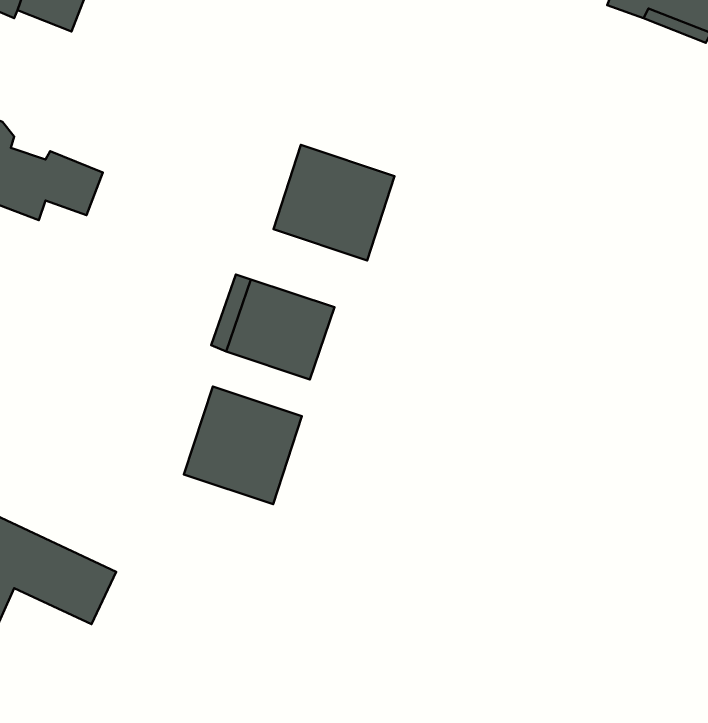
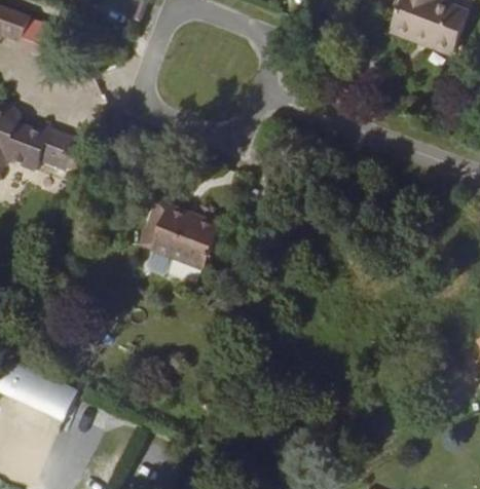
building: [273,145,395,260] -> none
building: [184,386,302,504] -> none

